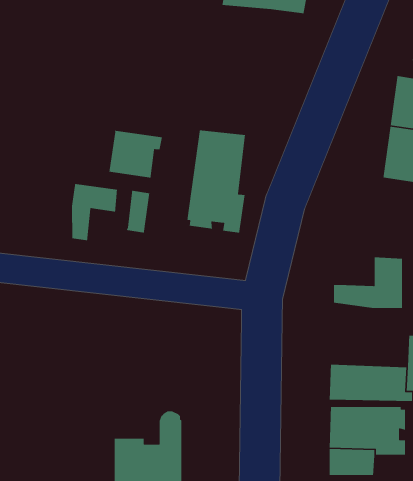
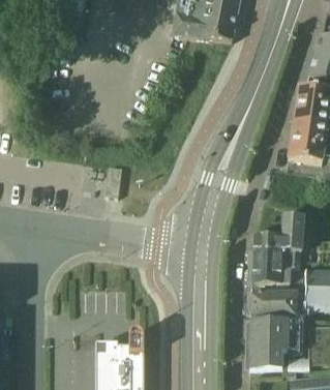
building: [186,130,246,234] -> none
building: [108,130,163,179] -> none
building: [71,183,118,241] -> none
building: none -> [251,246,294,282]

